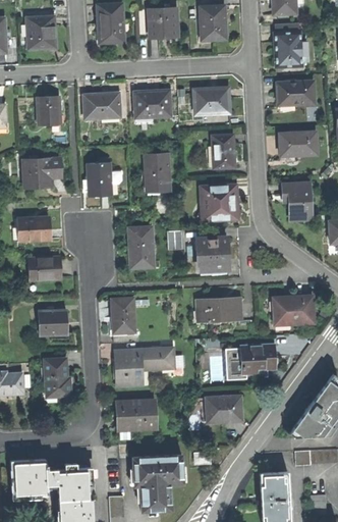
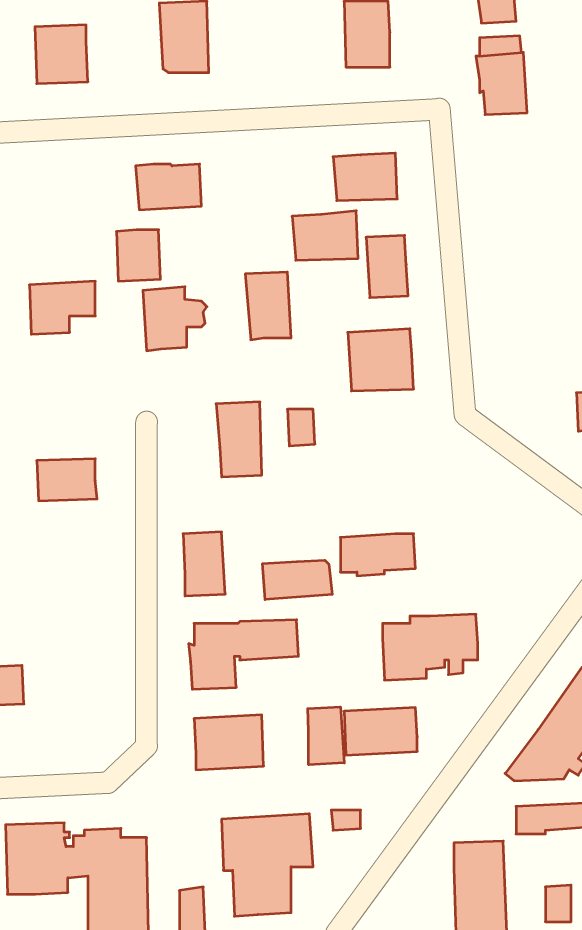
building: [149,7,178,37] -> none
building: [277,80,315,105] -> none
building: [134,89,171,116] -> [292,211,358,260]
building: [37,96,61,124] -> [116,230,160,281]
building: [280,130,317,155] -> none
building: [282,180,311,218] -> none
building: [18,216,50,241] -> none
building: [199,237,228,269] -> none
building: [273,295,314,325] -> none
building: [38,309,65,335] -> none
building: none -> [263,560,332,600]
building: [42,358,67,404] -> none
building: none -> [308,707,344,765]

